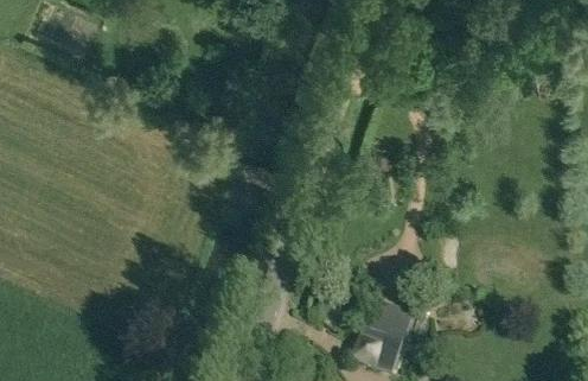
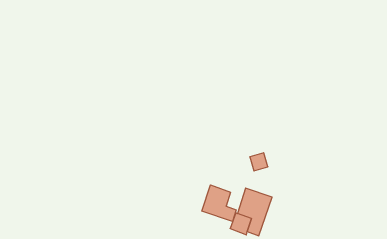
building: none -> [202,185,236,222]

